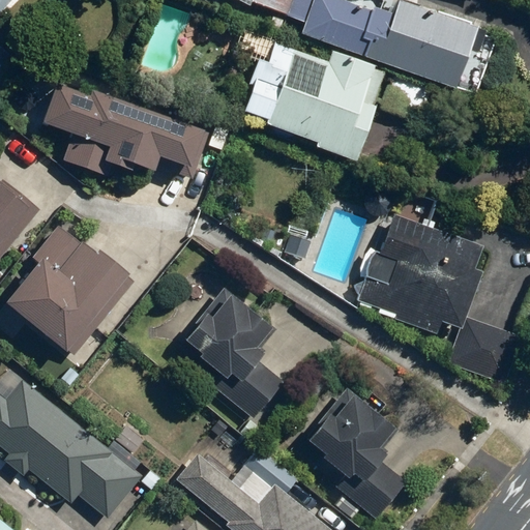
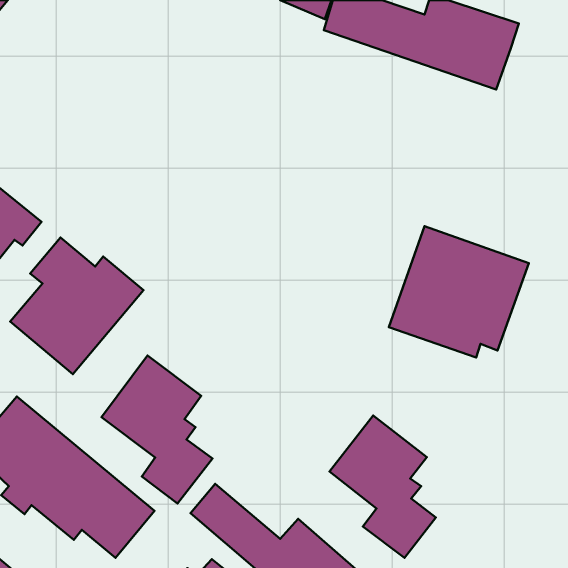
building: [244,43,383,161] -> none
building: [42,82,205,179] -> none
building: [181,286,284,422] -> [101,355,212,503]
building: [450,321,514,381] -> none

